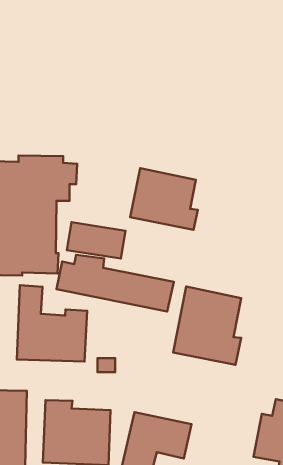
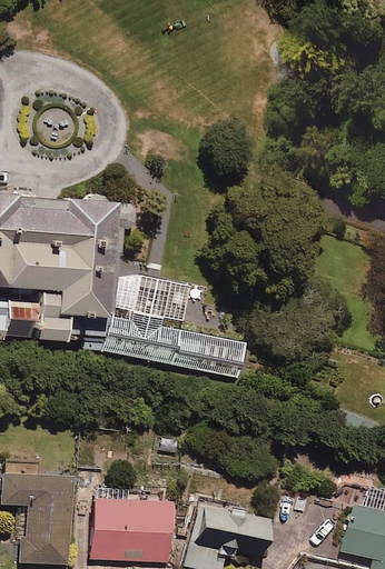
building: [130,168,198,230] -> none
building: [17,285,87,362] -> none
building: [173,286,241,365] -> none

